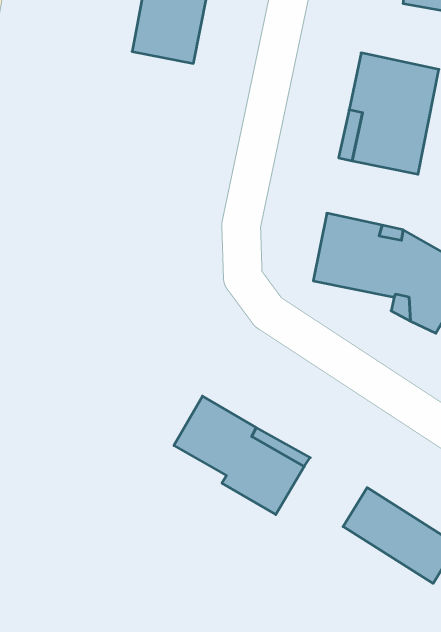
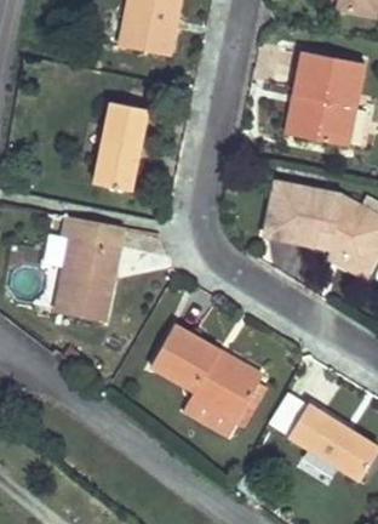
building: none -> [92,101,147,190]
building: none -> [41,215,122,320]

